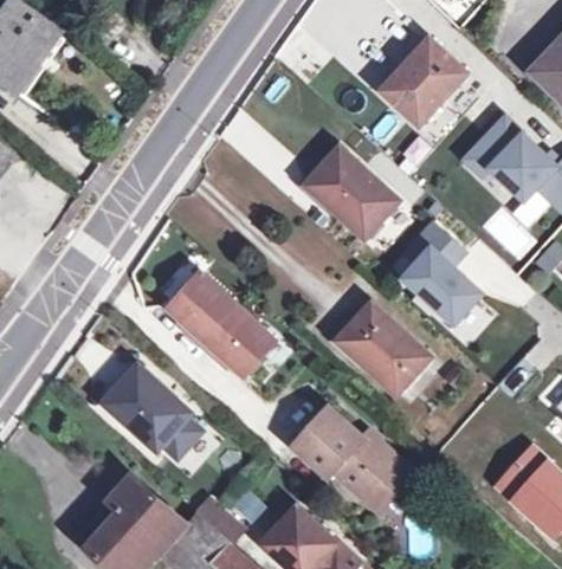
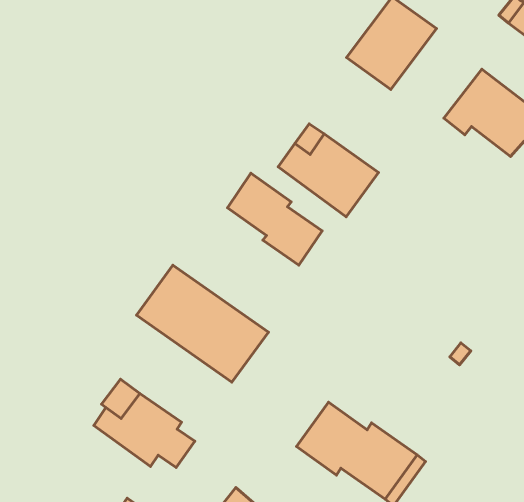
building: none -> [227,173,322,265]
building: [400,224,478,323] -> none
building: [337,303,429,394] -> none

